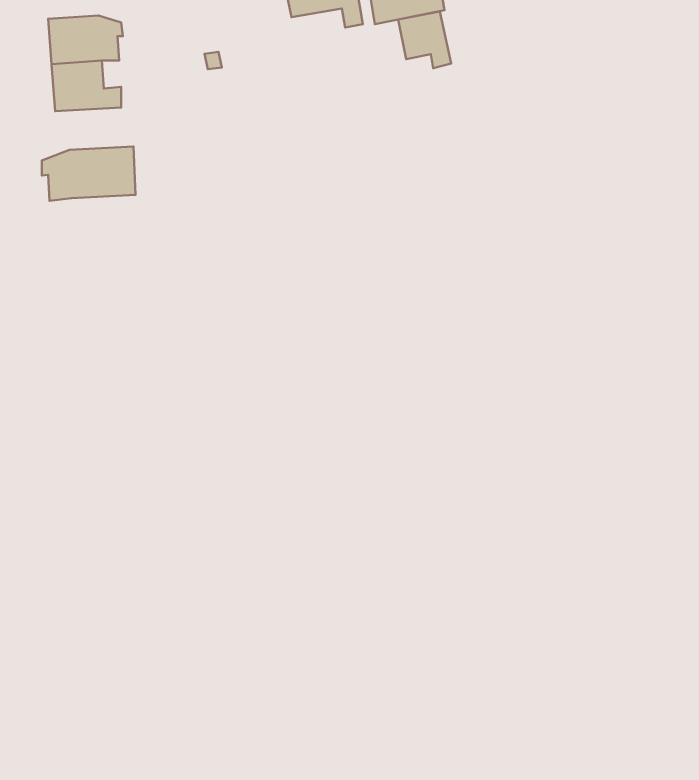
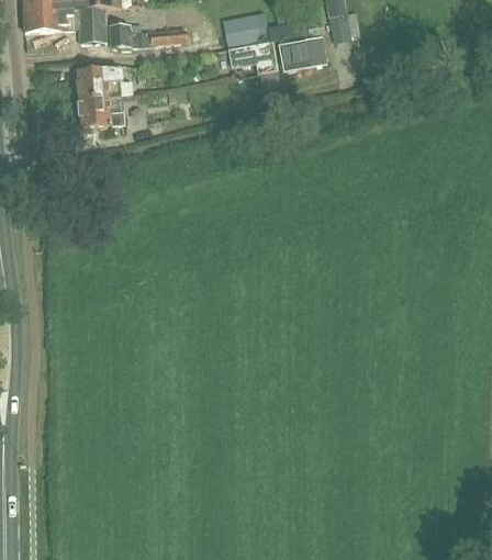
building: [398,11,451,68] -> none
building: [42,147,135,201] -> none

